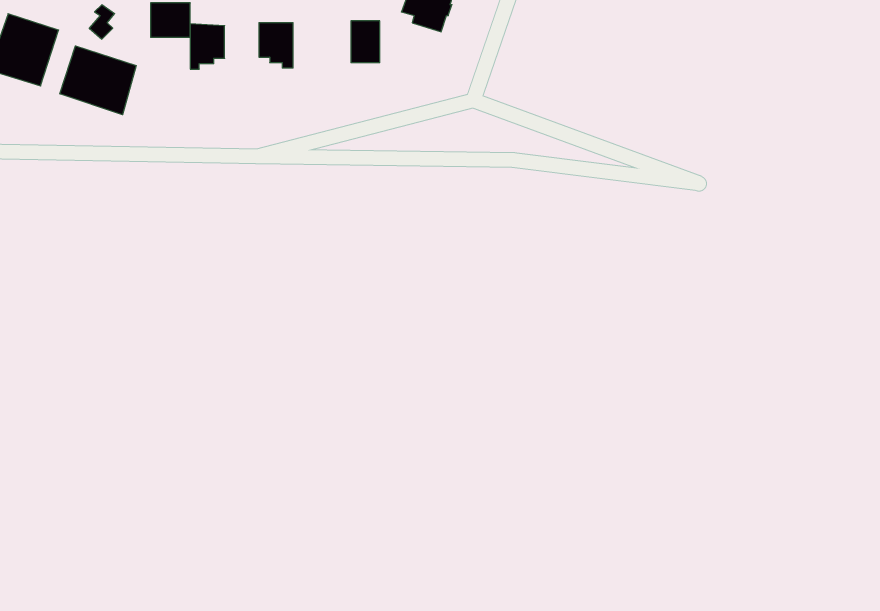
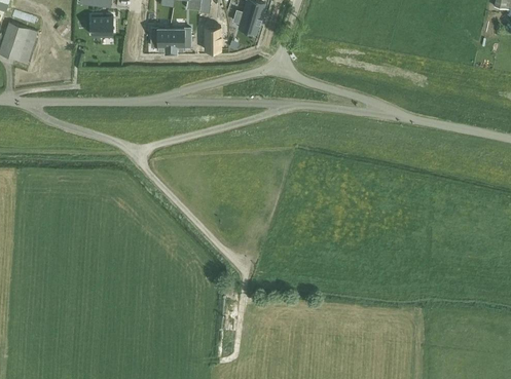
building: [190,24,225,69] -> [171,28,190,53]
building: [60,46,136,115] -> none

